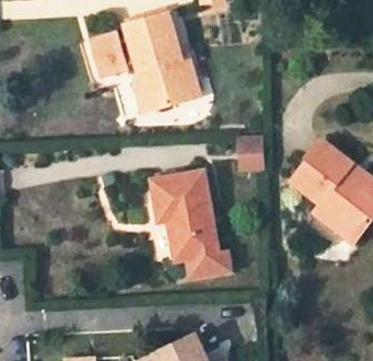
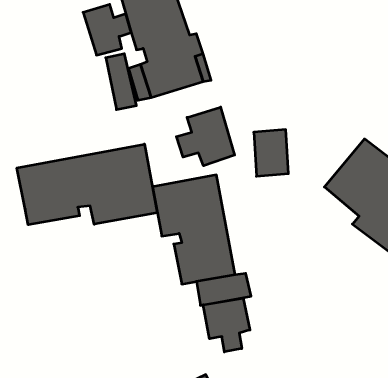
building: none -> [176,107,235,166]
building: none -> [17,144,157,225]
building: none -> [203,298,250,352]

